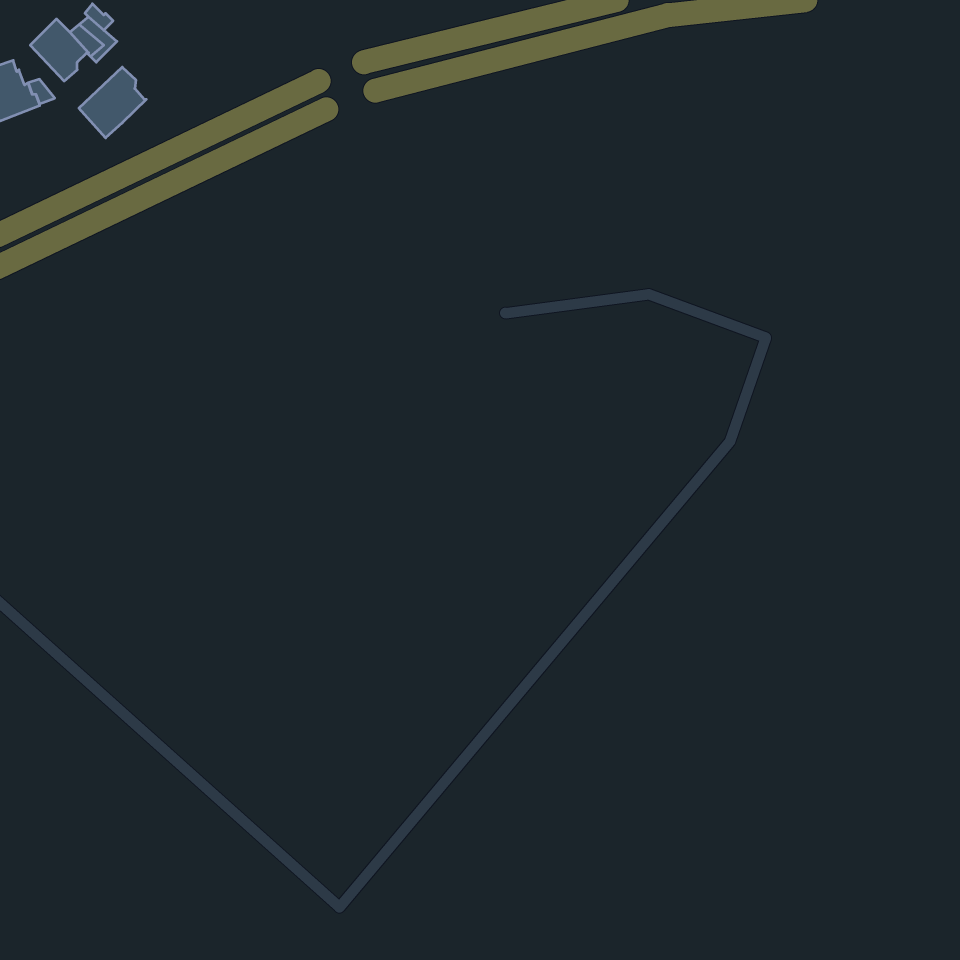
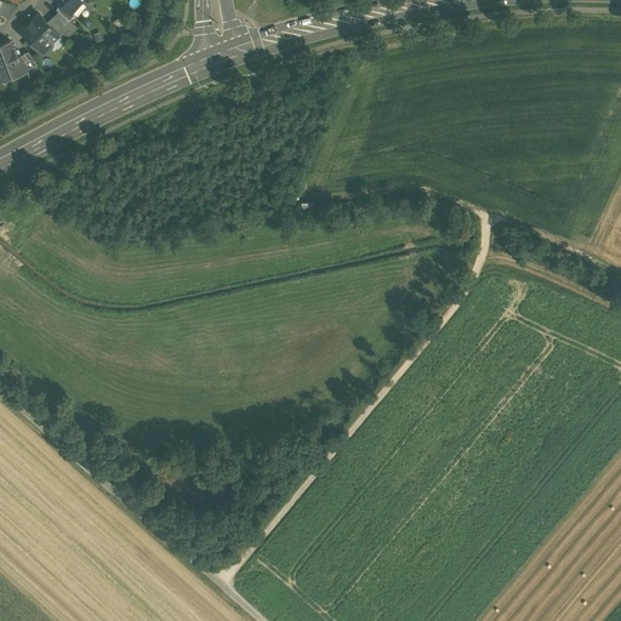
building: [79,67,146,138] -> none

